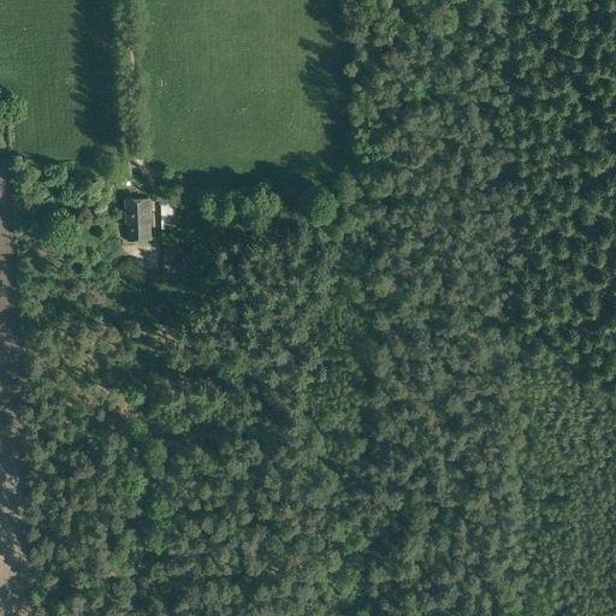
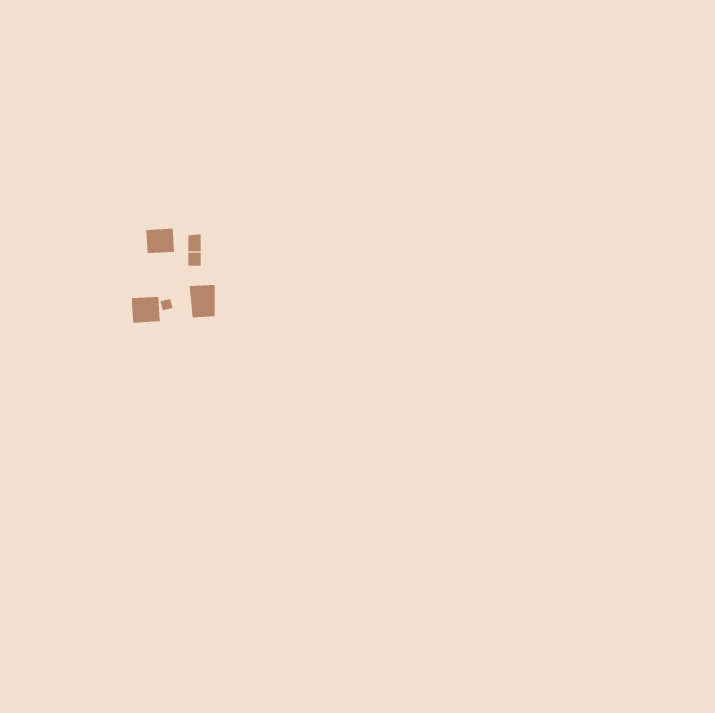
building: [126,219,152,242] -> [131,296,161,323]

